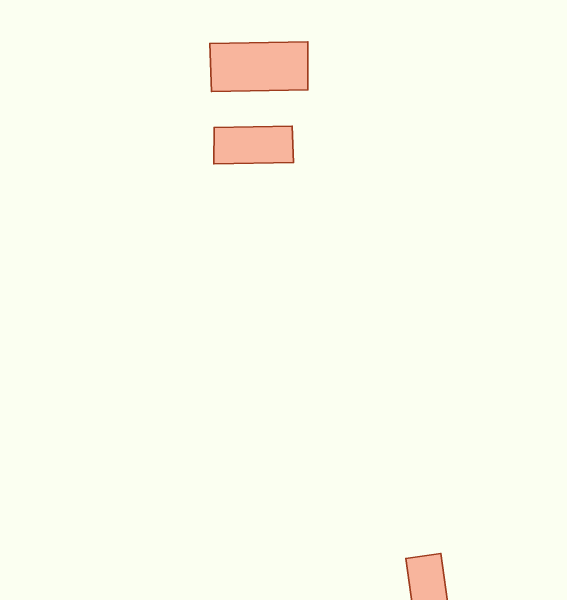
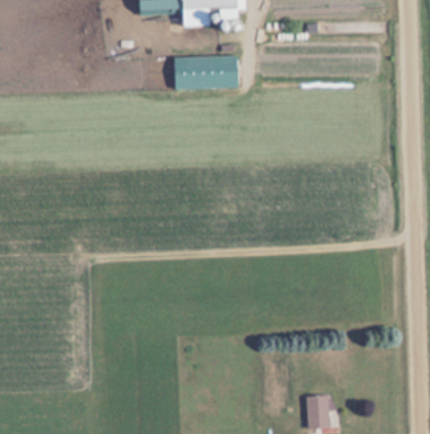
building: [214,126,293,164] -> none

